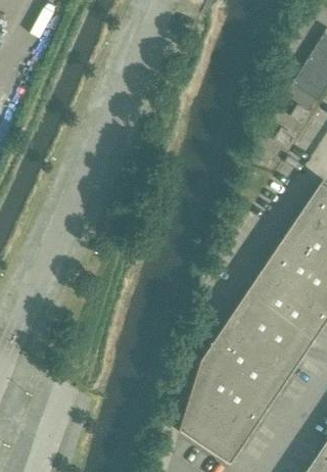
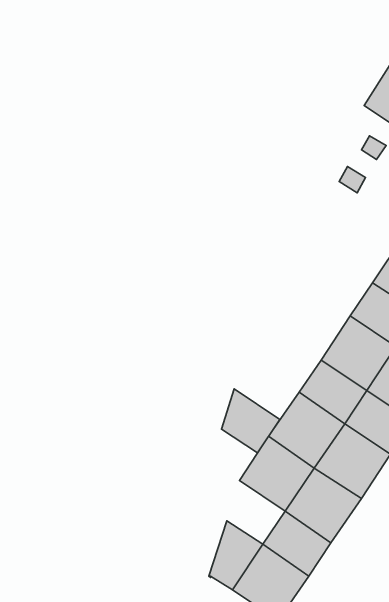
building: [192,361,235,408] -> [222,389,280,453]

